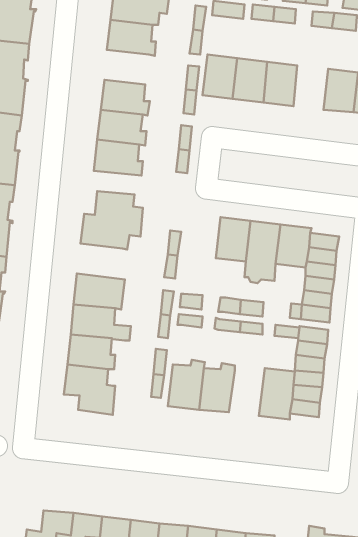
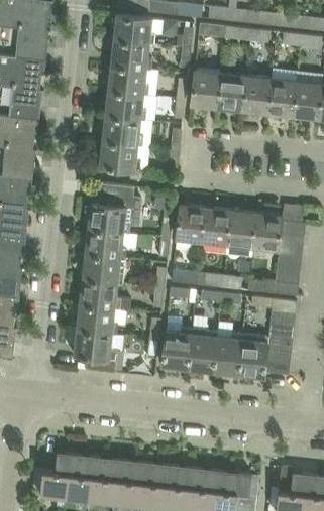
building: none -> [108,66,148,95]
building: none -> [267,79,297,116]
building: none -> [176,204,206,241]
building: none -> [85,229,126,259]
building: none -> [213,333,243,374]

